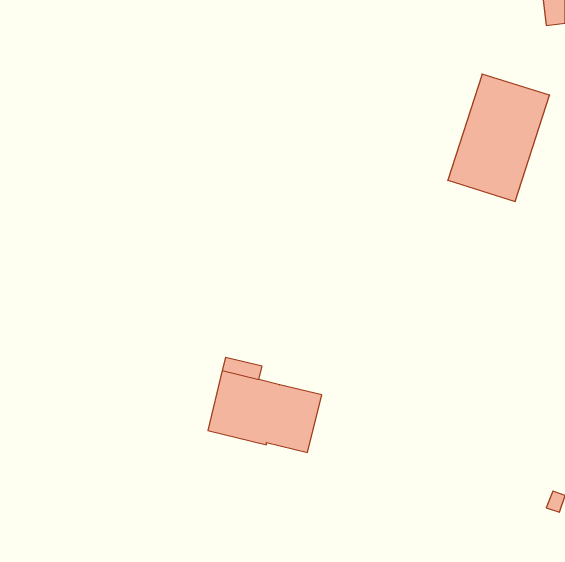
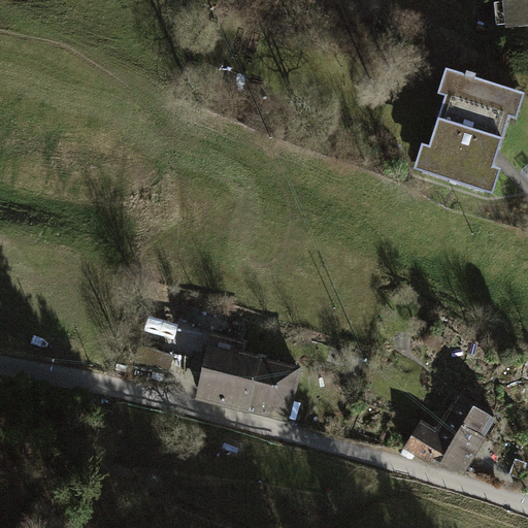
building: none -> [404,394,498,475]

